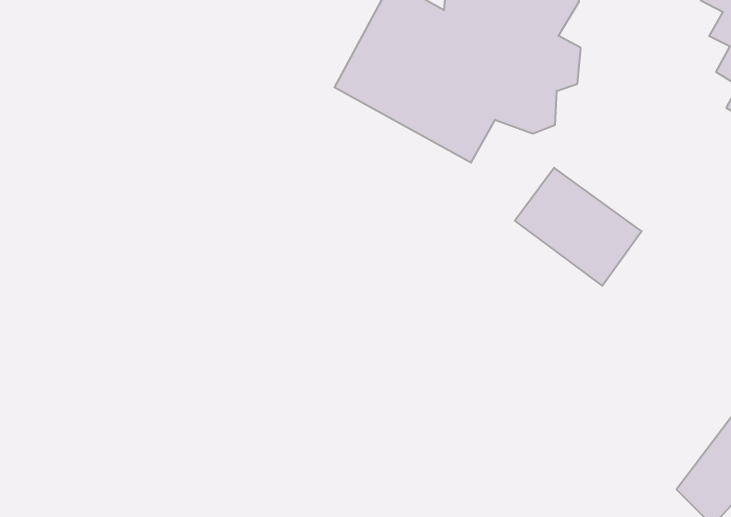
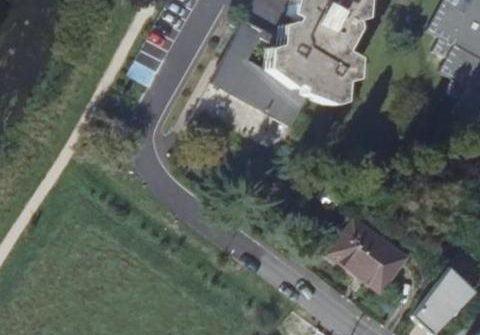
building: [515,168,642,286] -> [335,219,409,288]

